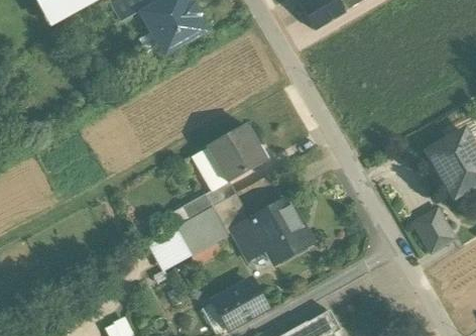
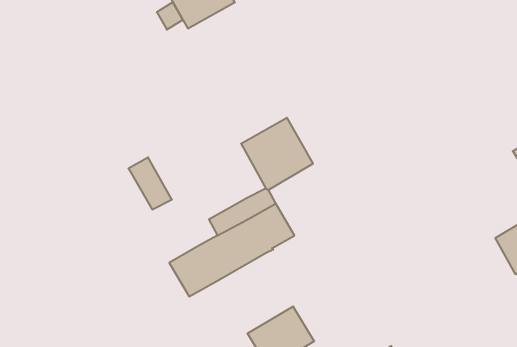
building: [193,147,228,190] -> [128,157,172,209]
building: [233,200,311,261] -> none

